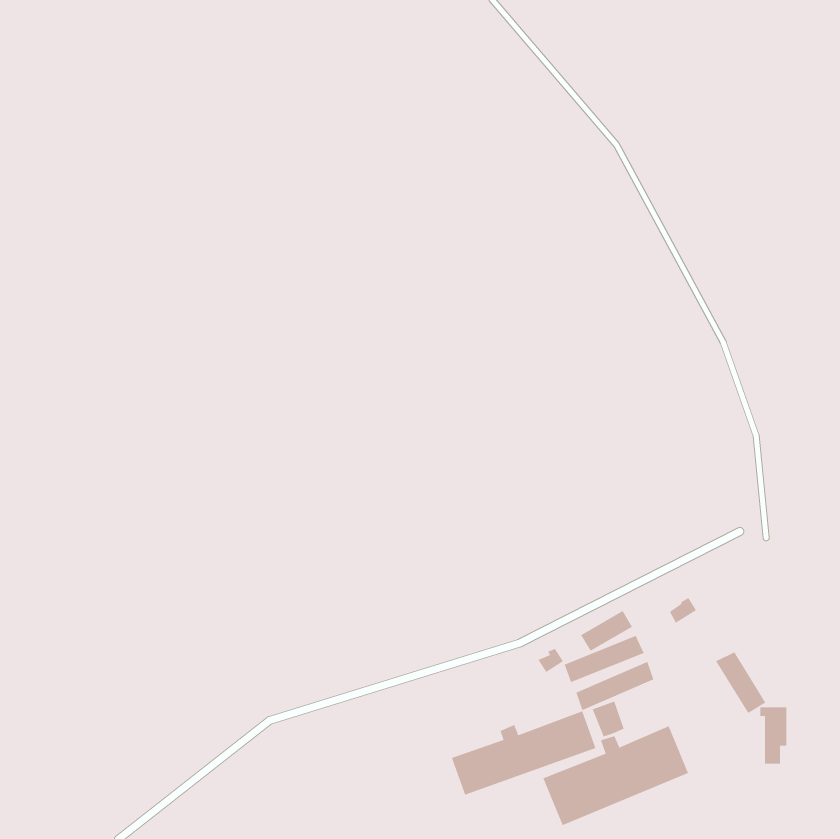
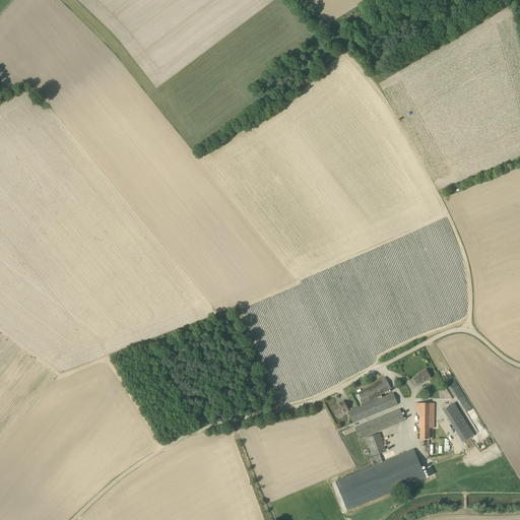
building: [759,707,787,764] -> [416,403,434,439]
building: [451,710,596,795] -> none

